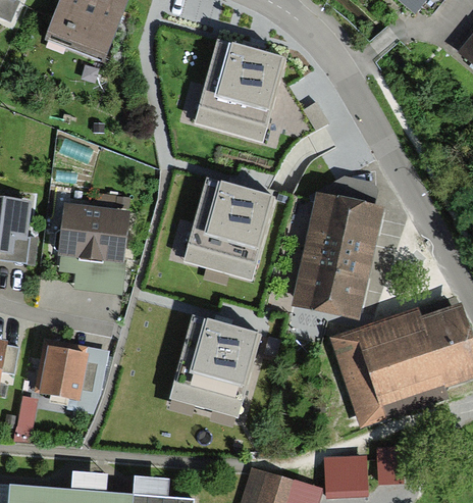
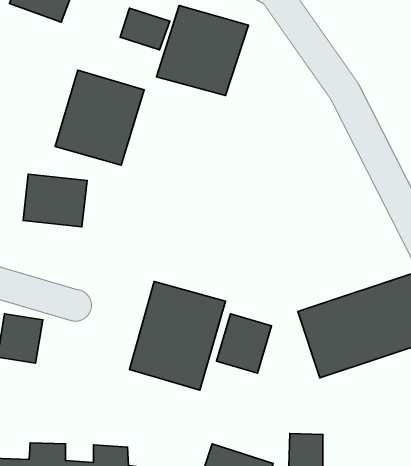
building: none -> [120,8,170,50]
building: [185,180,272,273] -> [55,70,144,165]
building: [294,195,380,319] -> none
building: none -> [216,314,272,373]

